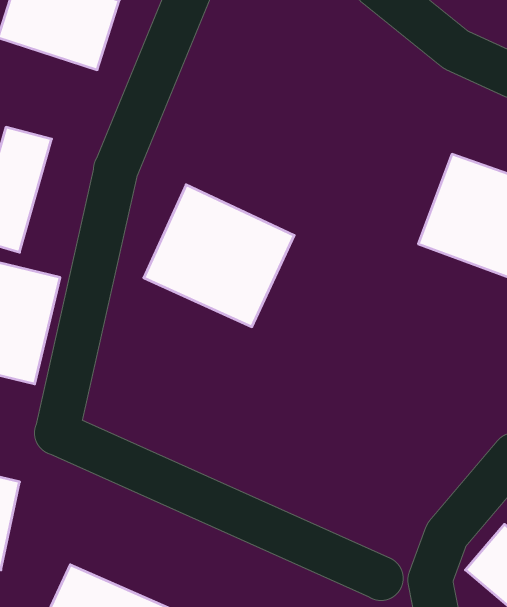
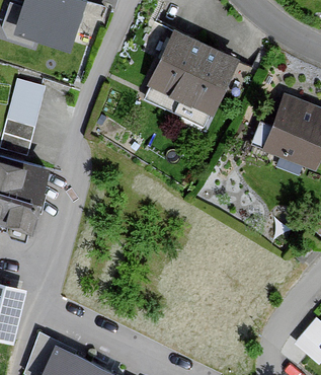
building: [144,185,294,327] -> [148,31,238,117]

